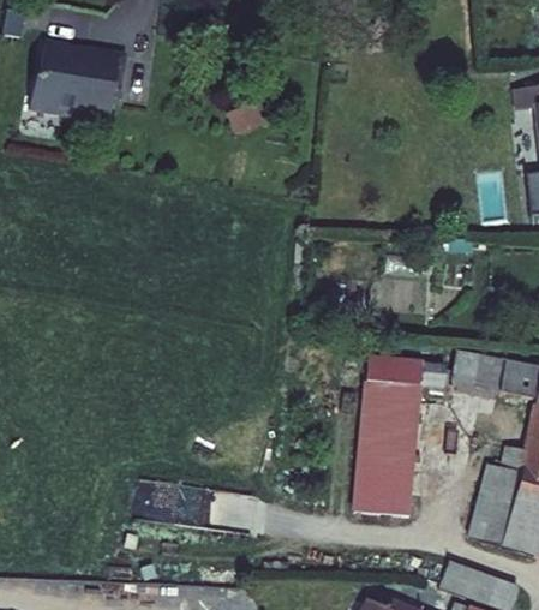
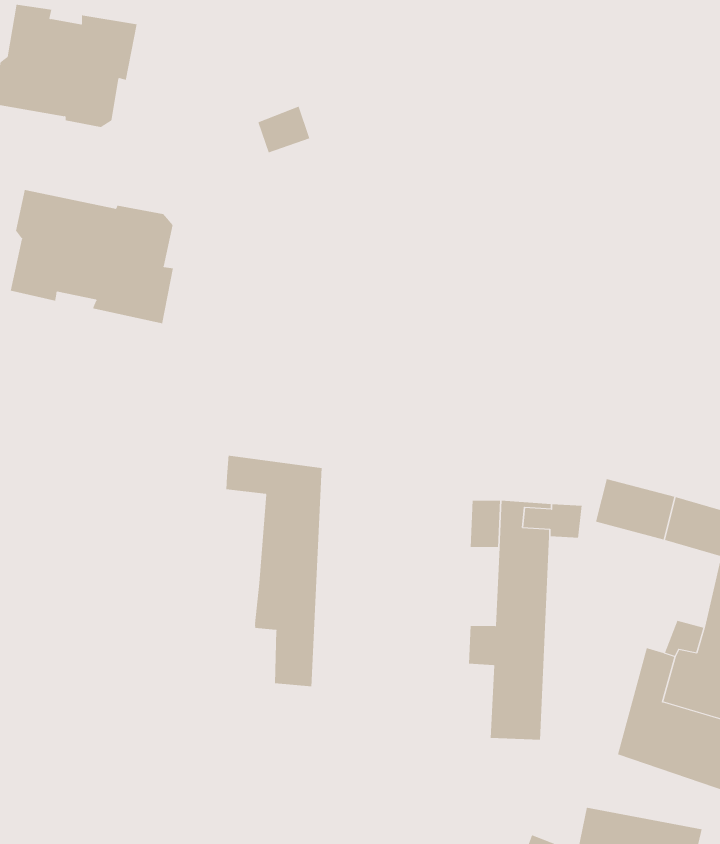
building: none -> [10,189,173,324]
building: none -> [226,455,322,687]

